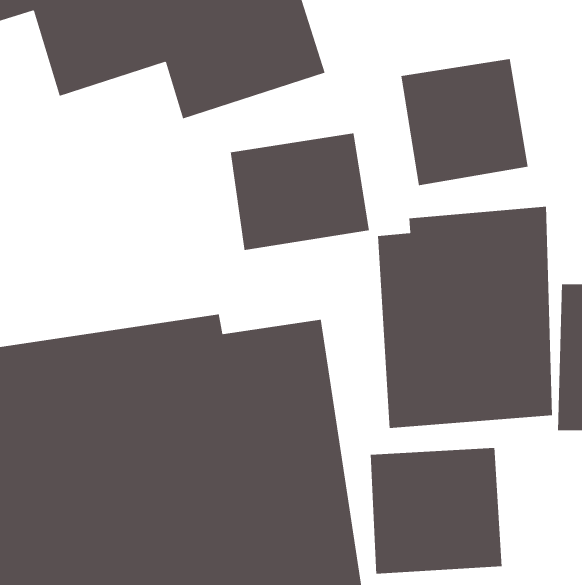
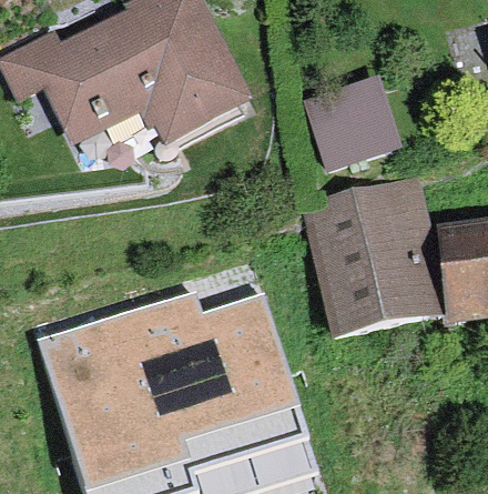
building: [230,133,370,251] -> none
building: [370,447,502,574] -> none

